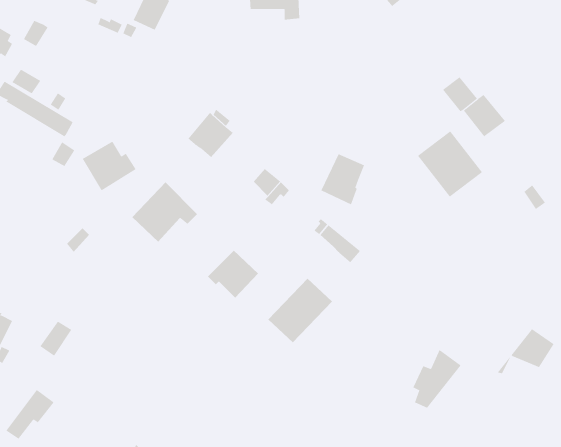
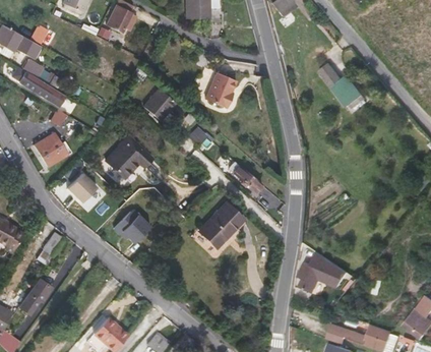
building: [417,130,483,198] -> none
building: [82,141,137,191] -> [34,132,71,167]
building: [320,153,365,205] -> [209,77,240,113]
building: none -> [66,173,95,201]
building: [207,250,259,299] -> [114,210,149,243]
building: [497,328,554,374] -> [308,261,348,293]

